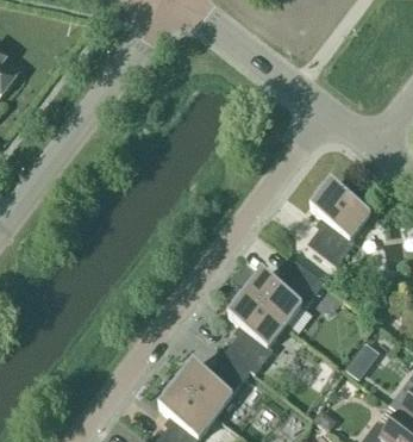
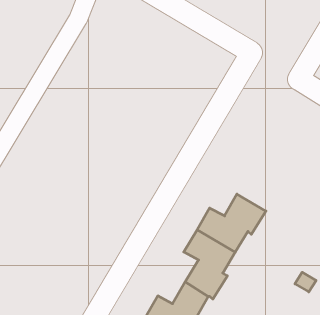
building: [307,181,370,266] -> none

